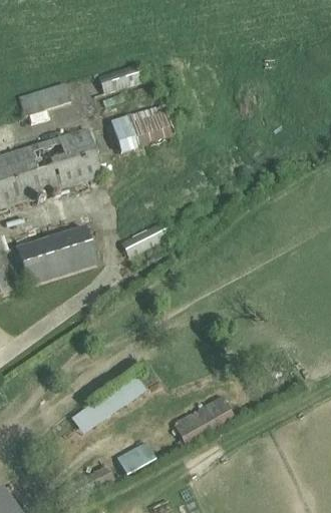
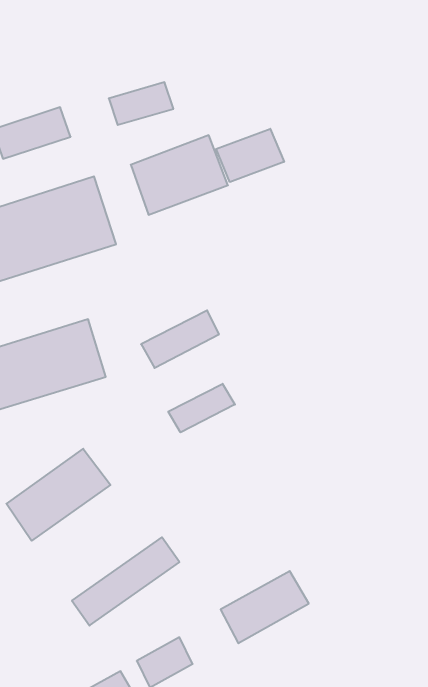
building: none -> [216,129,284,182]
building: none -> [168,384,235,432]
building: none -> [6,449,110,541]

